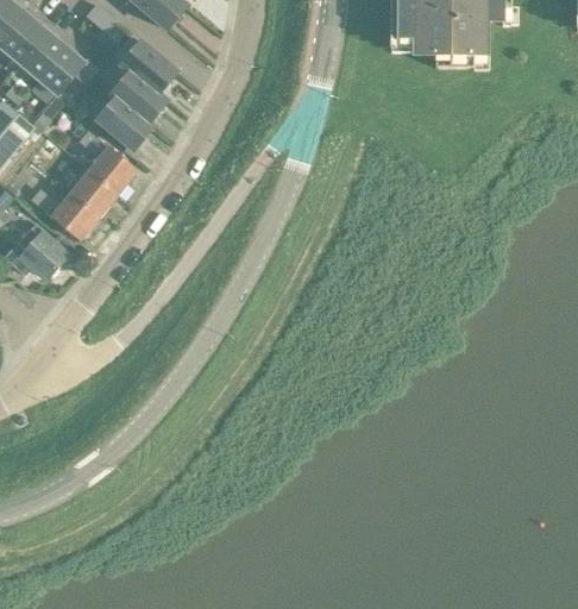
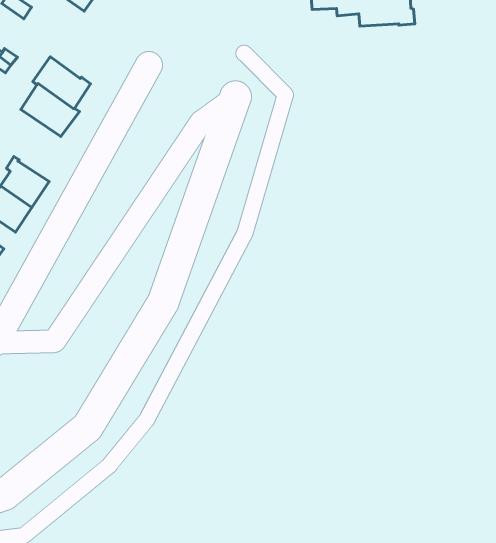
building: [111,33,176,94] -> none
building: [81,131,137,192] -> none

